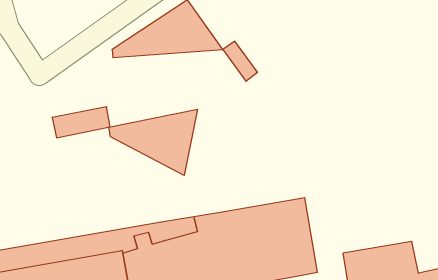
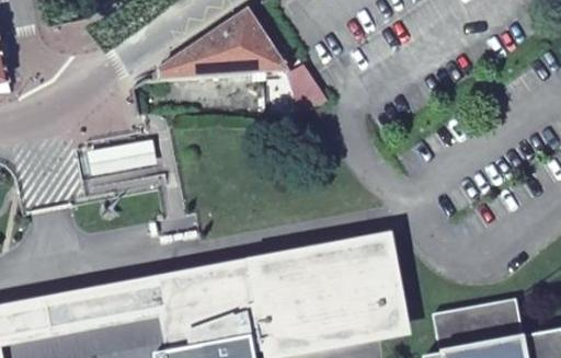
building: [109,109,197,175] -> none

